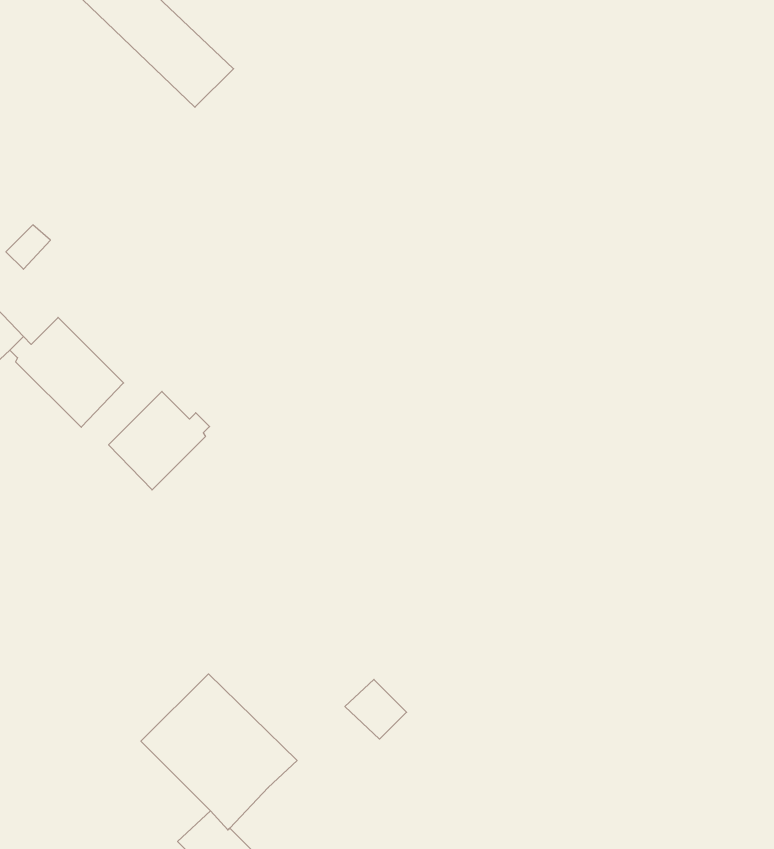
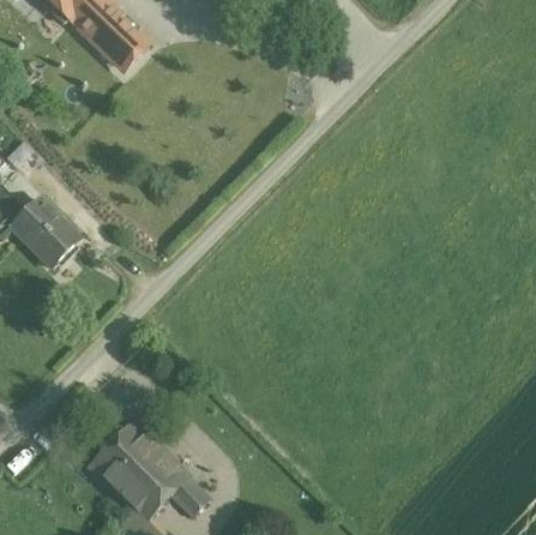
building: [109,391,210,490] -> none
building: [345,679,407,739] -> [169,476,207,513]

